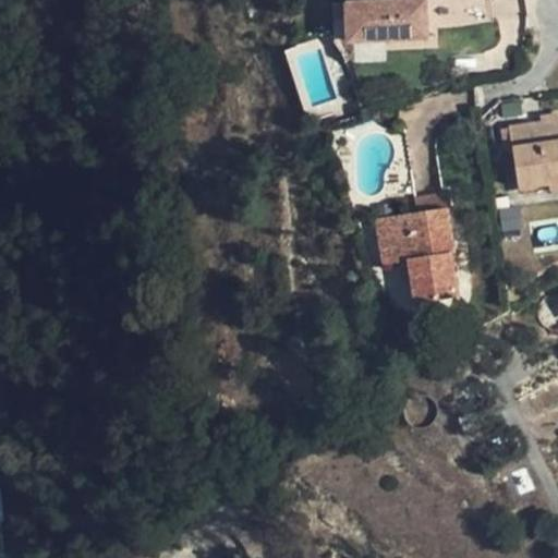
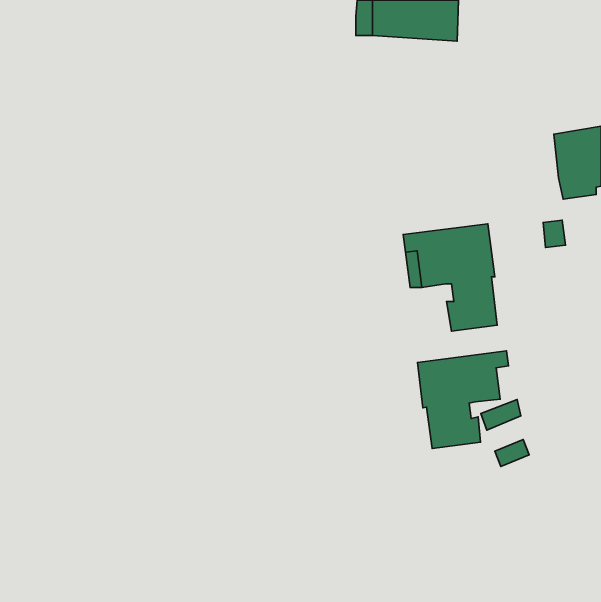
building: none -> [417,351,508,448]

